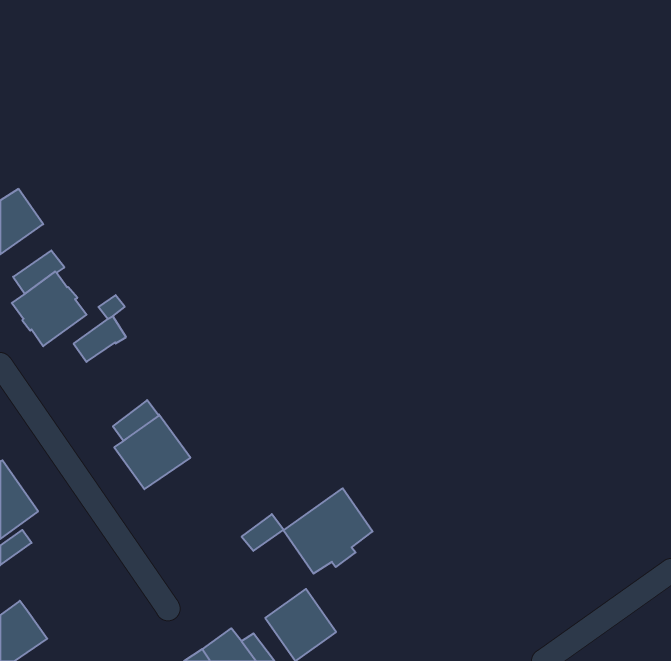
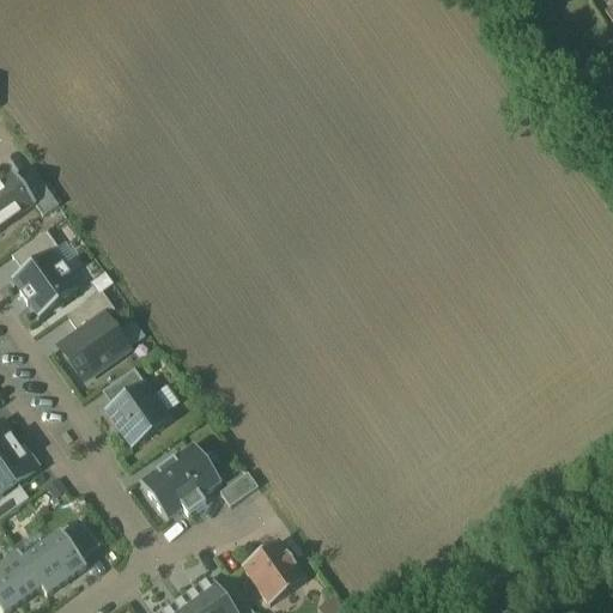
building: none -> [60,312,128,378]
building: [283,488,373,574] -> [140,441,221,518]
building: none -> [25,530,87,591]

